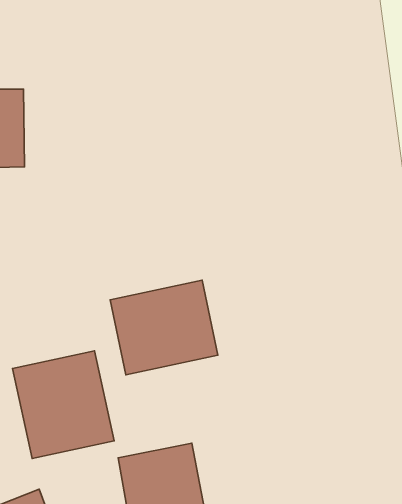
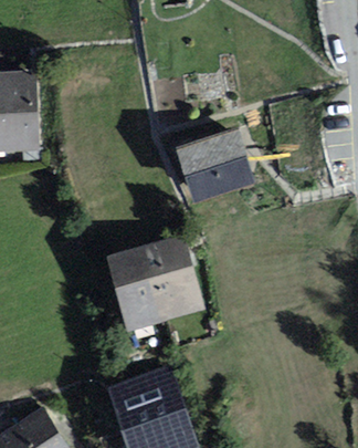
building: none -> [177,134,251,196]
building: [13,351,114,459] -> none

